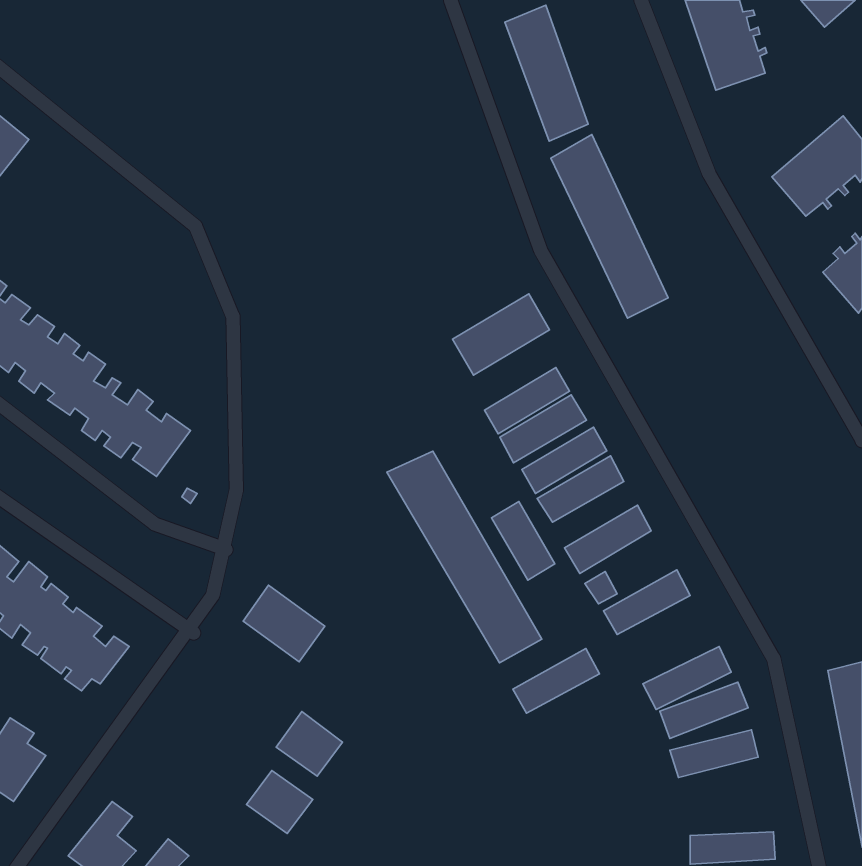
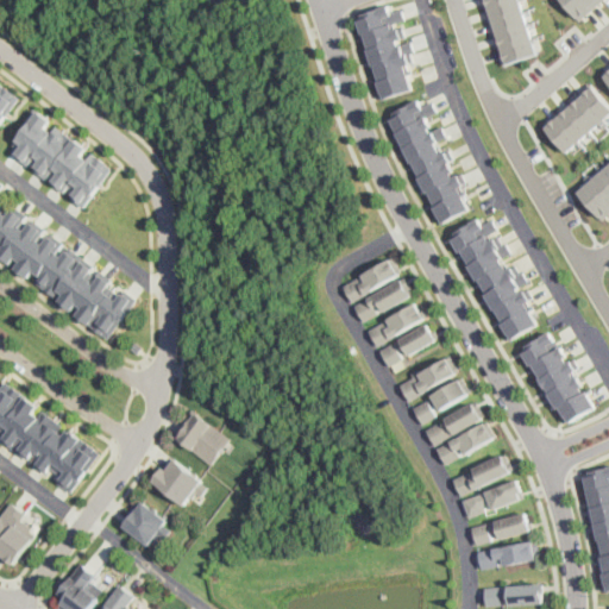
building: none -> [17,117,101,206]
building: [453,294,550,375] -> none
building: none -> [447,218,536,344]
building: [387,451,542,663] -> none
building: none -> [523,331,592,423]
building: [492,502,555,580] -> none
building: none -> [425,379,465,413]
building: [513,648,600,713] -> [435,420,496,465]
building: [276,711,343,776] -> [150,459,196,504]
building: none -> [475,540,535,572]
building: [246,770,313,833] -> [117,502,163,546]

